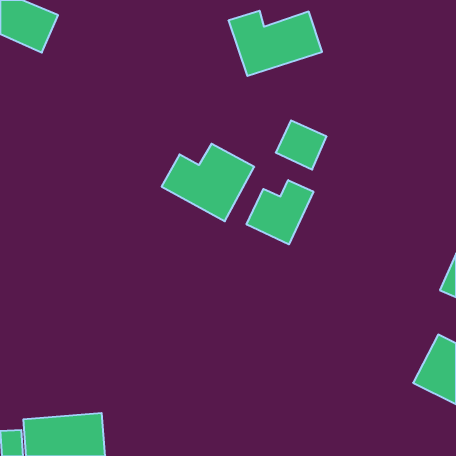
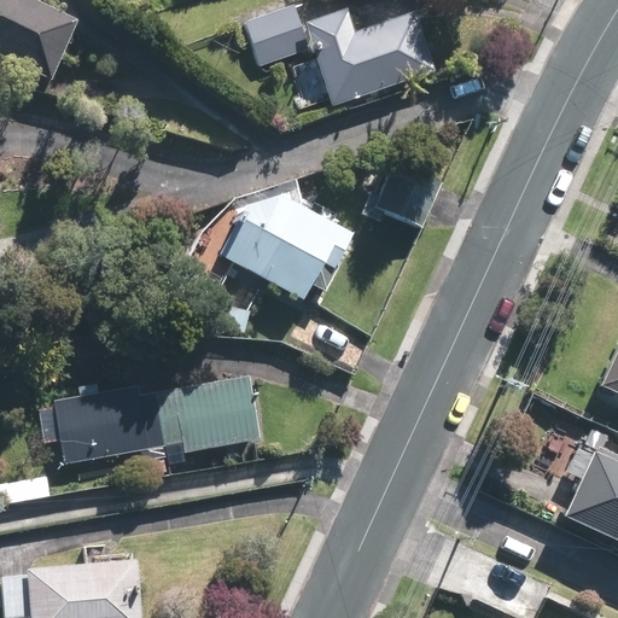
building: none -> [241,7,308,68]
building: [247,180,313,244] -> none
building: none -> [58,377,262,462]

